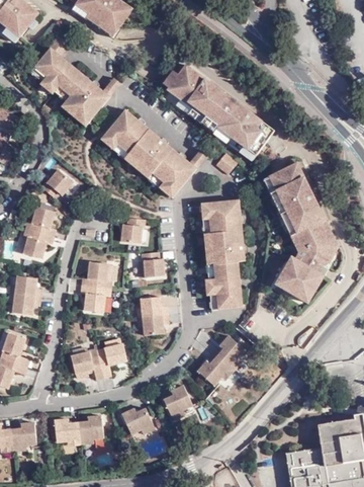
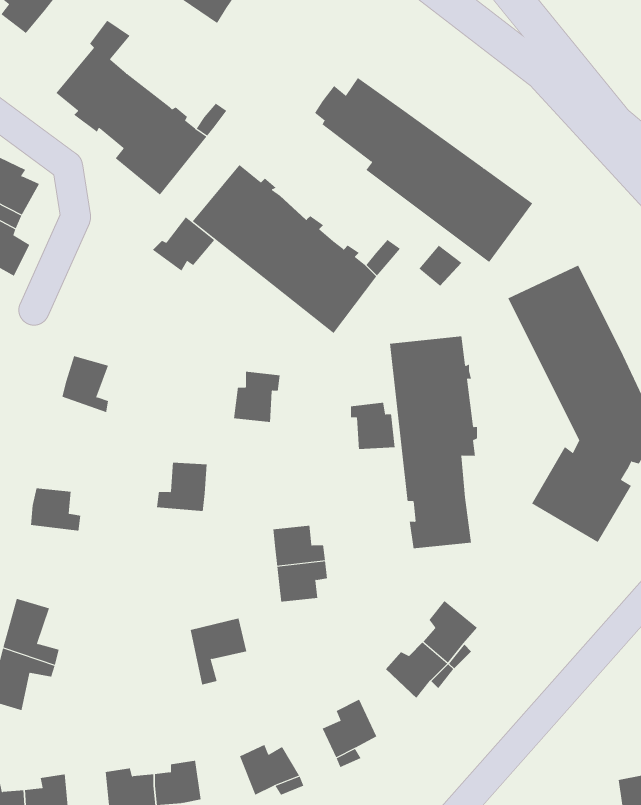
building: [41,171,74,199] -> [152,216,215,272]
building: [25,229,56,257] -> none
building: [142,251,165,275] -> [350,402,396,449]
building: [81,286,105,312] -> none
building: [14,295,41,315] -> none
building: [71,348,104,379] -> none

